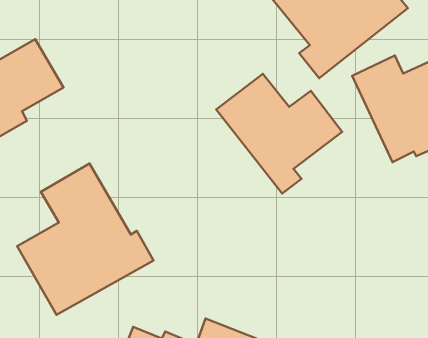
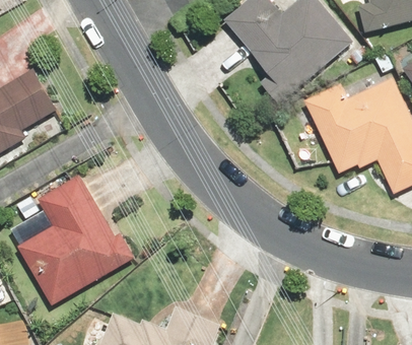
building: [216,74,342,193] -> none

